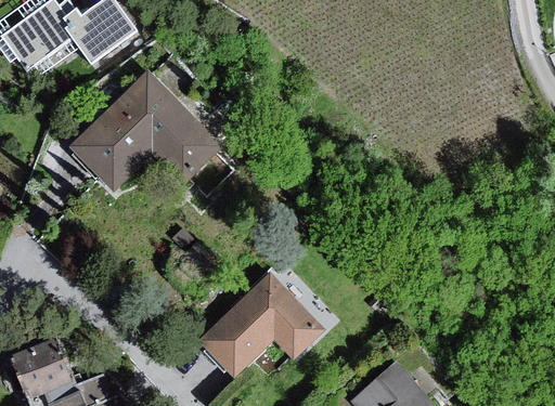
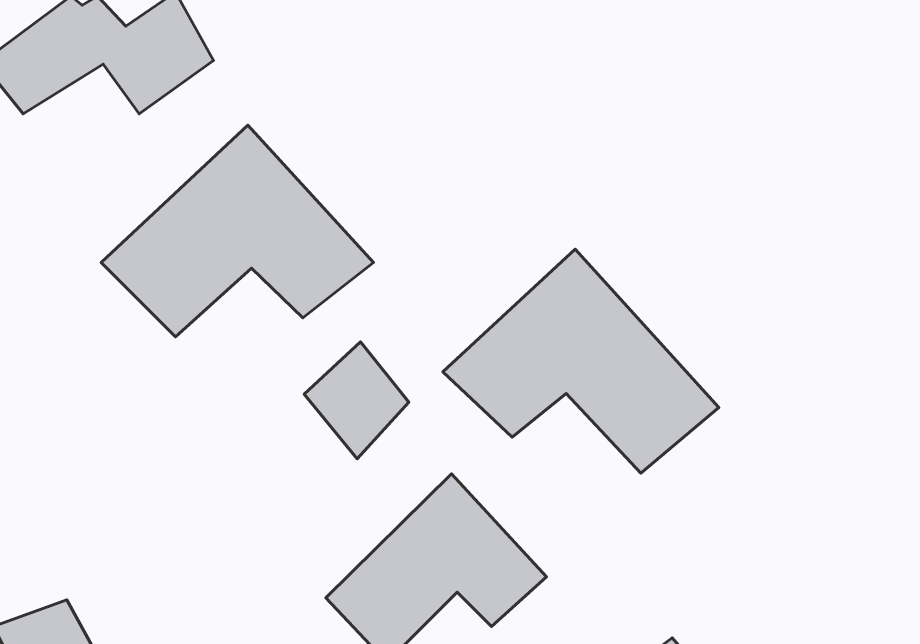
building: none -> [443,249,719,473]
building: none -> [304,342,409,459]

